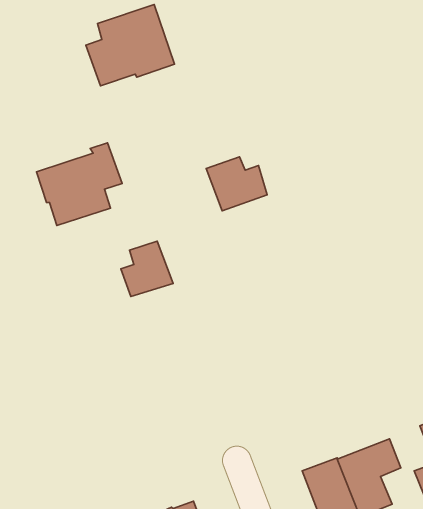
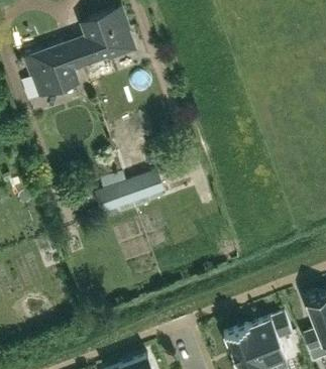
building: [36,143,122,226] -> [24,38,84,96]
building: [206,157,267,211] -> [123,166,166,204]

